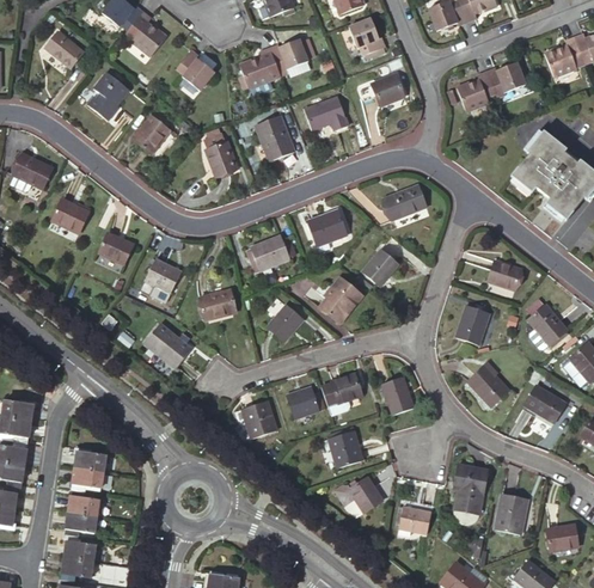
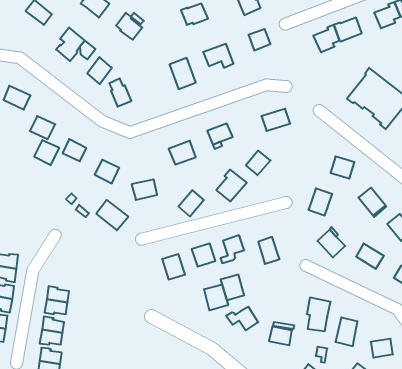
building: [241,45,277,85] -> none
building: [203,131,235,172] -> [109,79,131,107]
building: none -> [34,140,59,165]
building: none -> [204,284,228,310]

